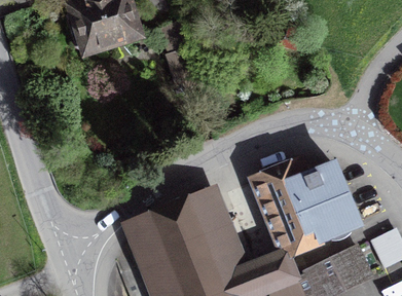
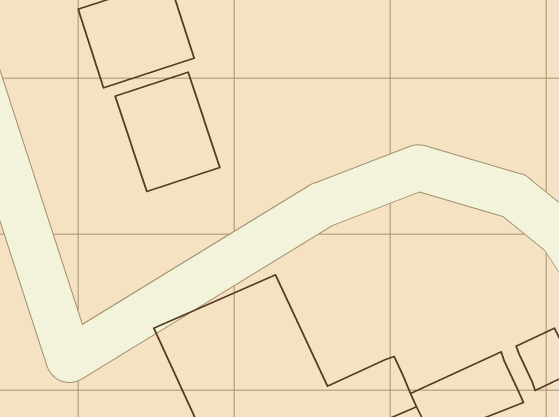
building: none -> [115,72,220,191]
building: [248,157,367,263] -> none

